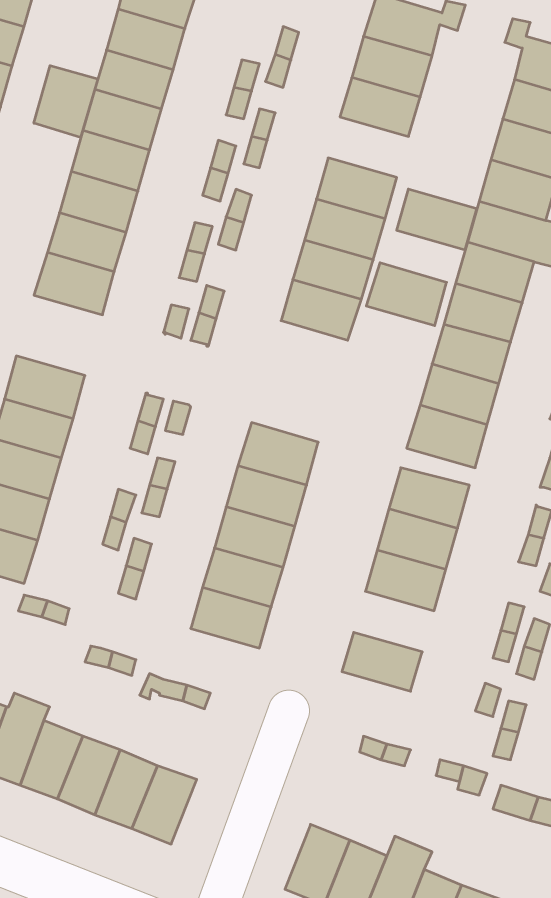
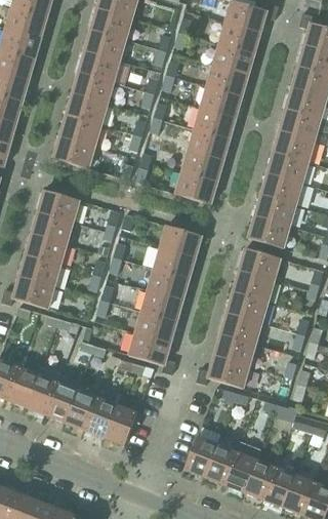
building: [34,66,98,138] -> none
building: [397,189,477,250] -> [206,65,248,96]
building: [366,263,447,326] -> [174,171,216,204]
building: none -> [219,313,261,345]
building: none -> [128,332,175,374]
building: none -> [196,355,249,388]

